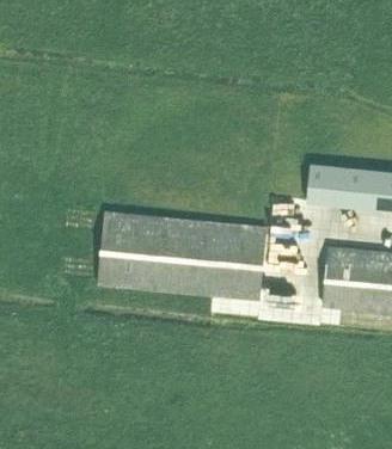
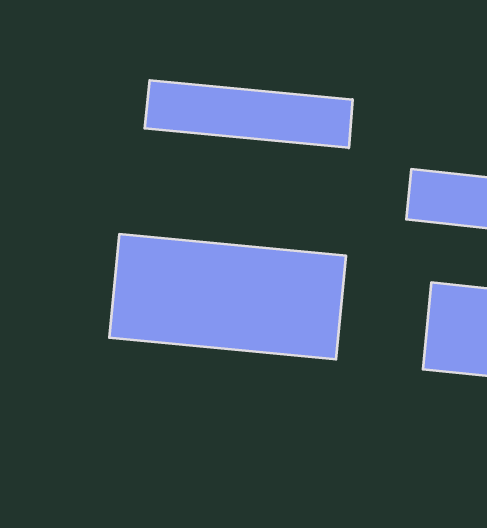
building: none -> [145,80,352,148]

